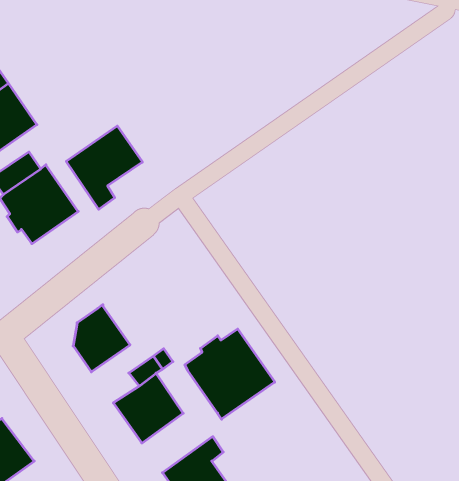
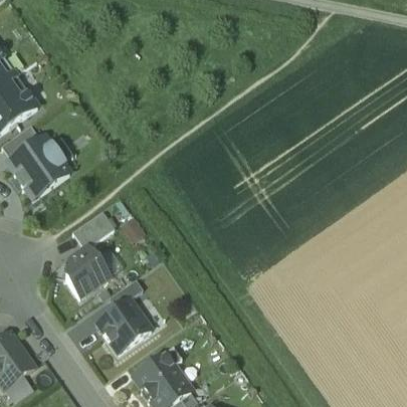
building: [66,126,142,209] -> none
building: none -> [72,210,115,247]
building: [185,329,275,419] -> none

